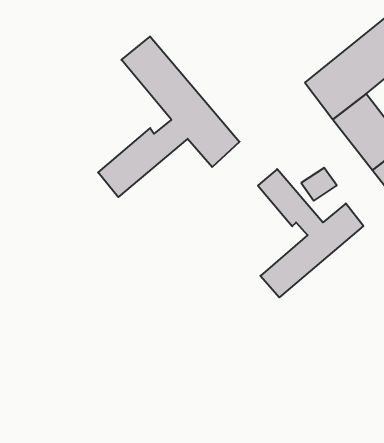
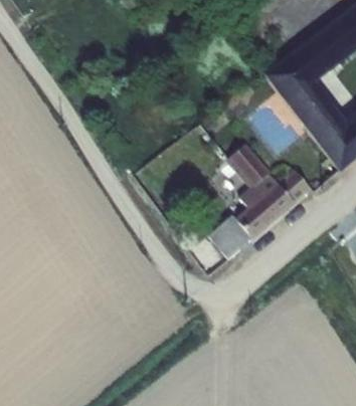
building: [98,36,240,197] -> none

